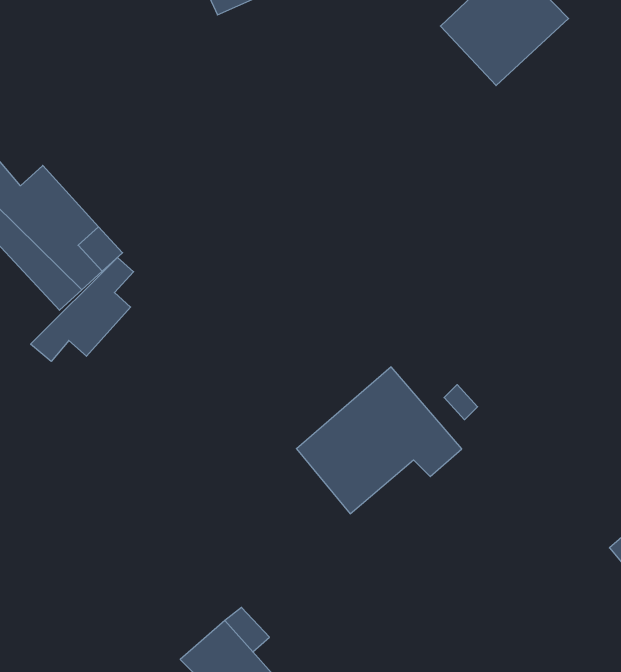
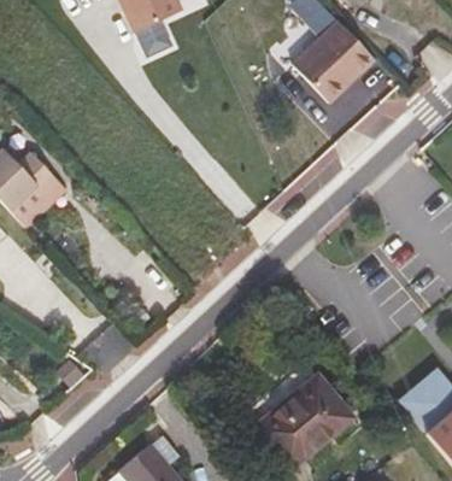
building: [31,257,134,361] -> none
building: [296,367,462,514] -> [254,373,362,468]

